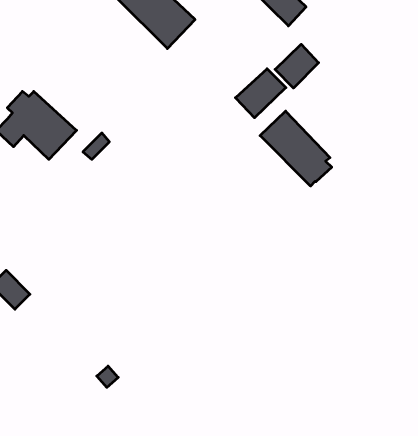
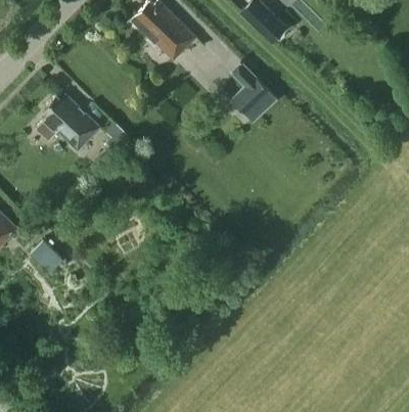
building: [275,44,319,88] -> none
building: [260,111,332,186] -> none

